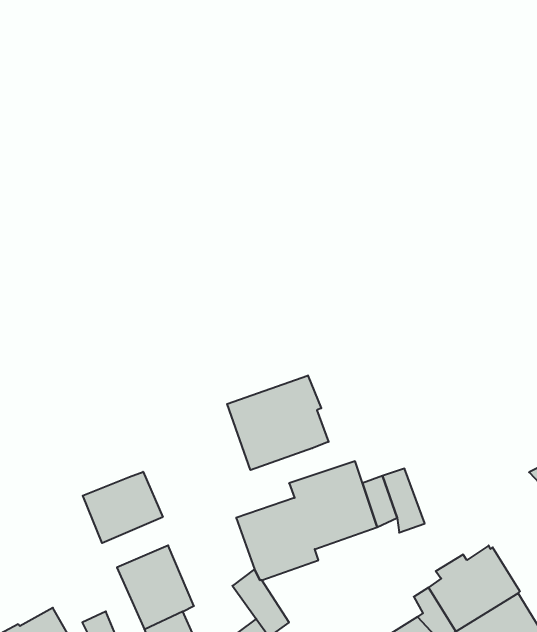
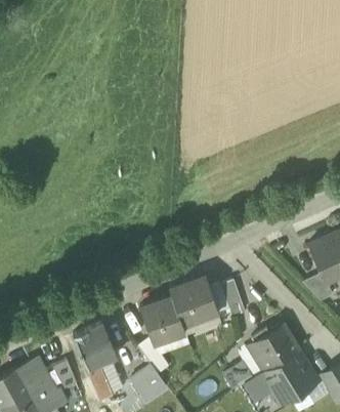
building: [227,375,329,470] -> none
building: [83,472,163,543] -> none

